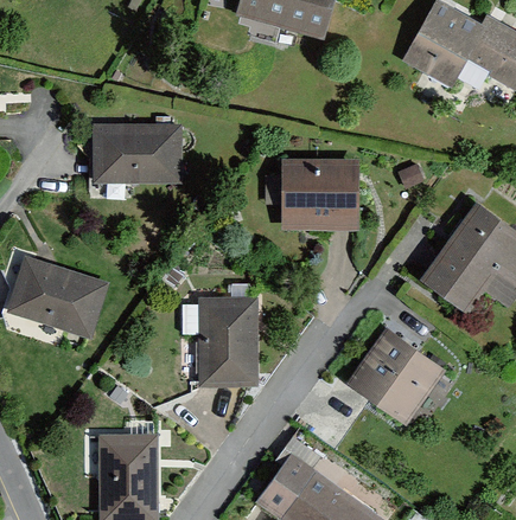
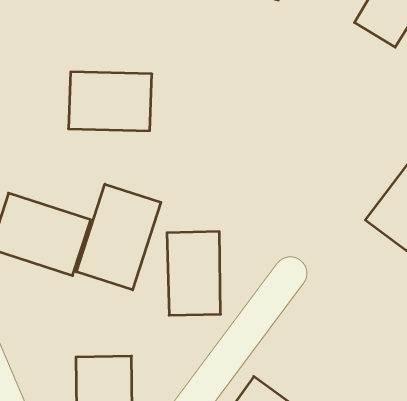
building: [280,158,356,227] -> none
building: none -> [76,184,161,290]
building: [348,327,448,428] -> none

